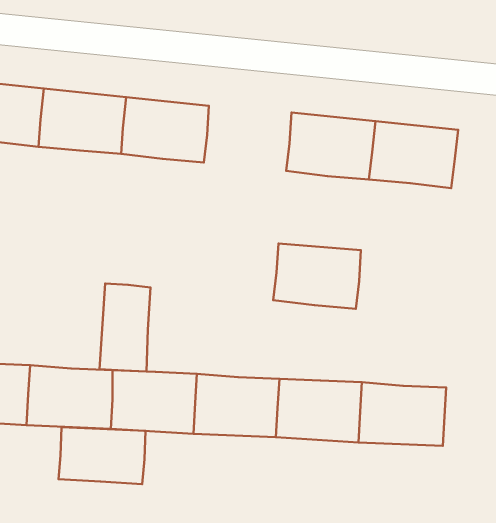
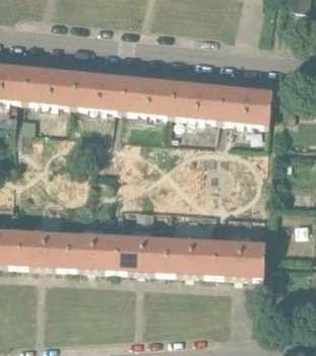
building: [273,243,361,309] -> [122,77,174,116]
building: [100,284,151,372] -> none
building: [59,427,145,484] -> none

